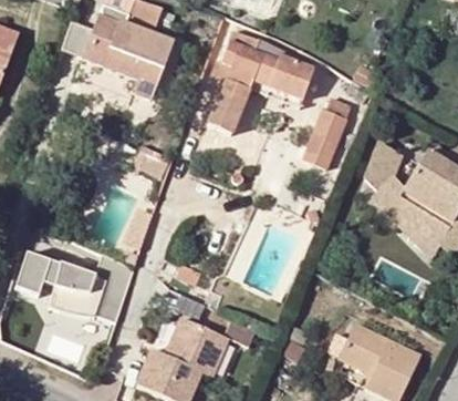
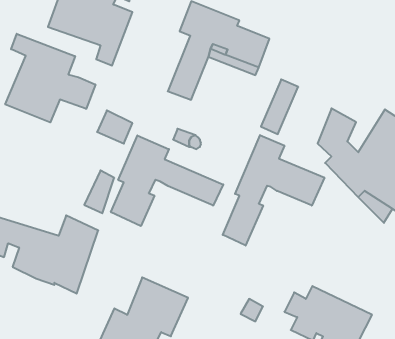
building: none -> [5,34,95,122]
building: none -> [223,135,324,246]
building: none -> [111,135,223,226]

